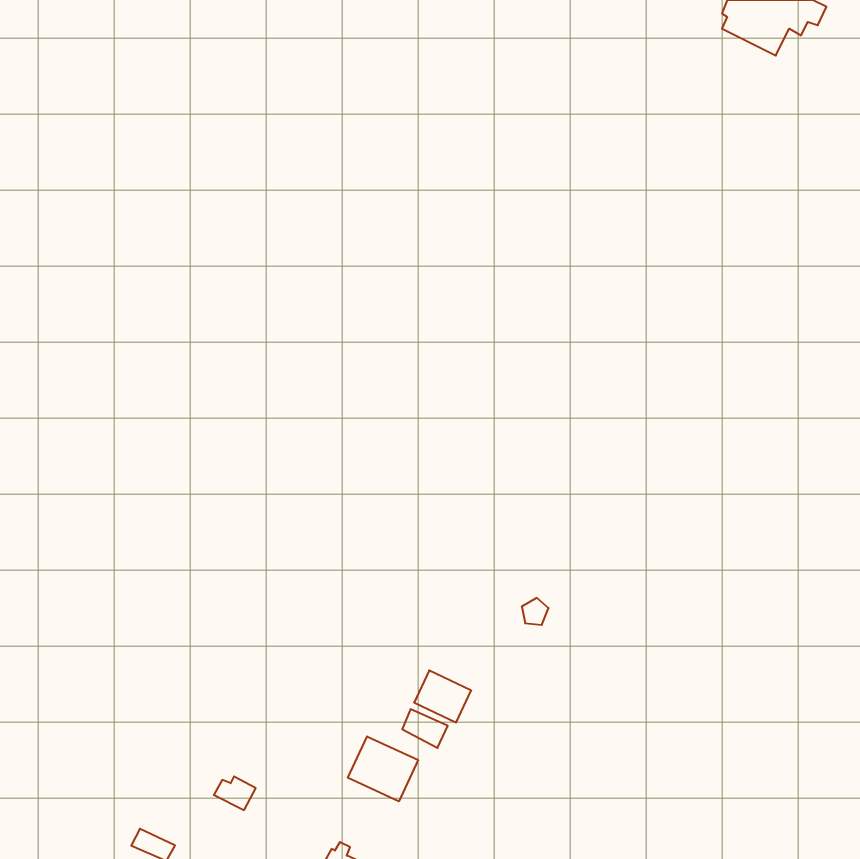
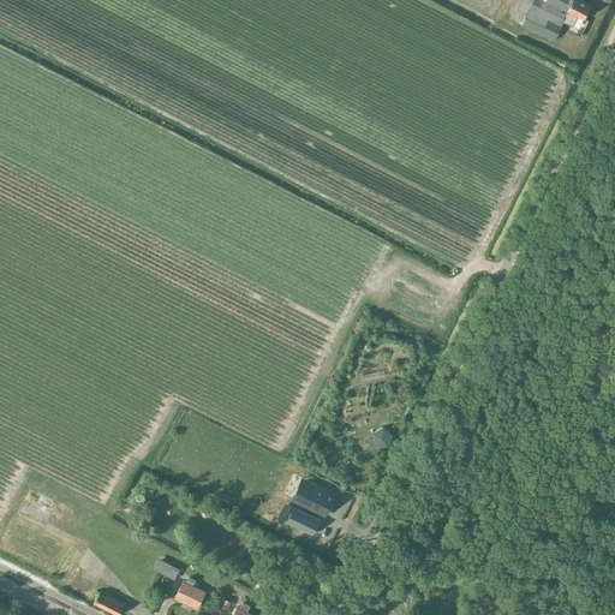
building: [348,736,418,801] -> none
building: none -> [174,577,205,609]

